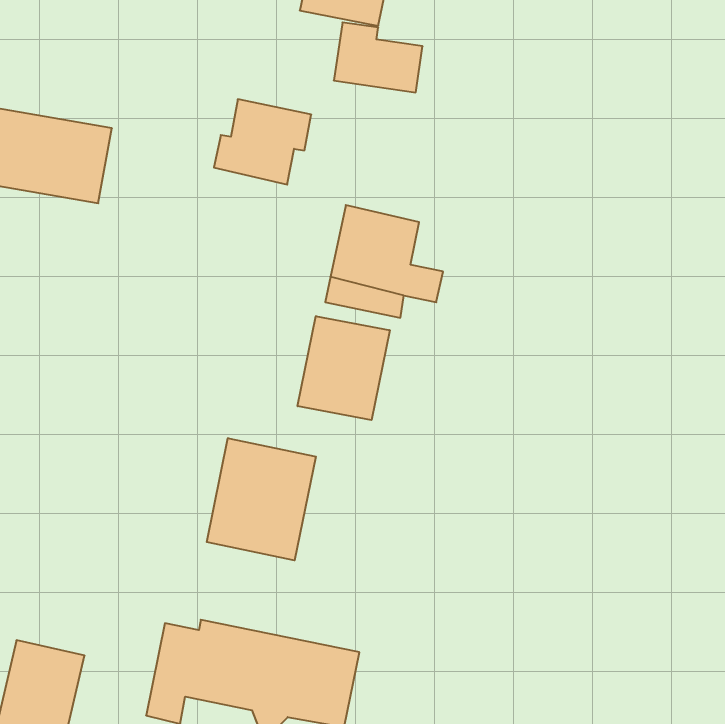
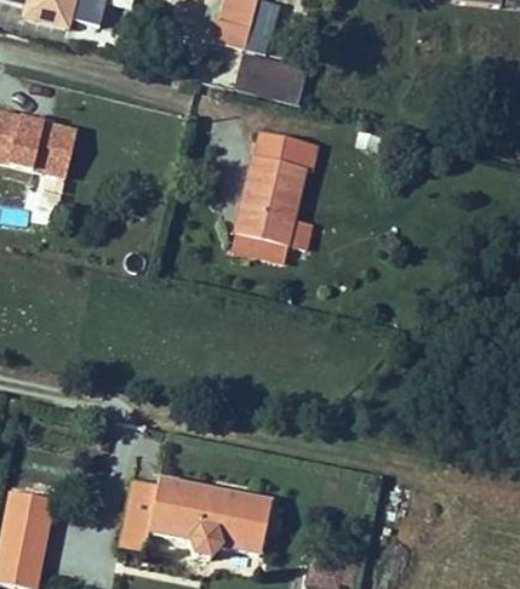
building: [214,99,311,185] -> [246,132,315,193]
building: [298,316,390,420] -> none
building: [207,438,316,560] -> none

